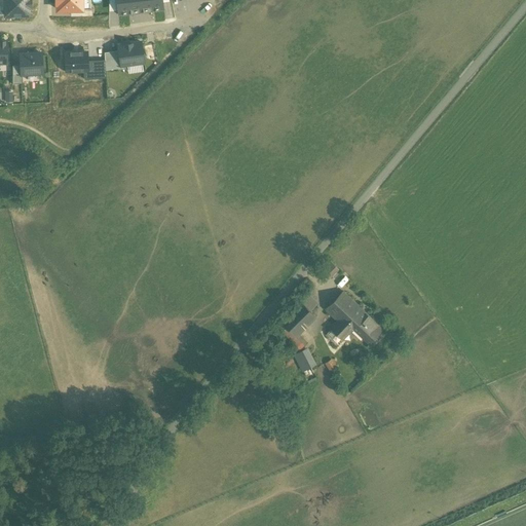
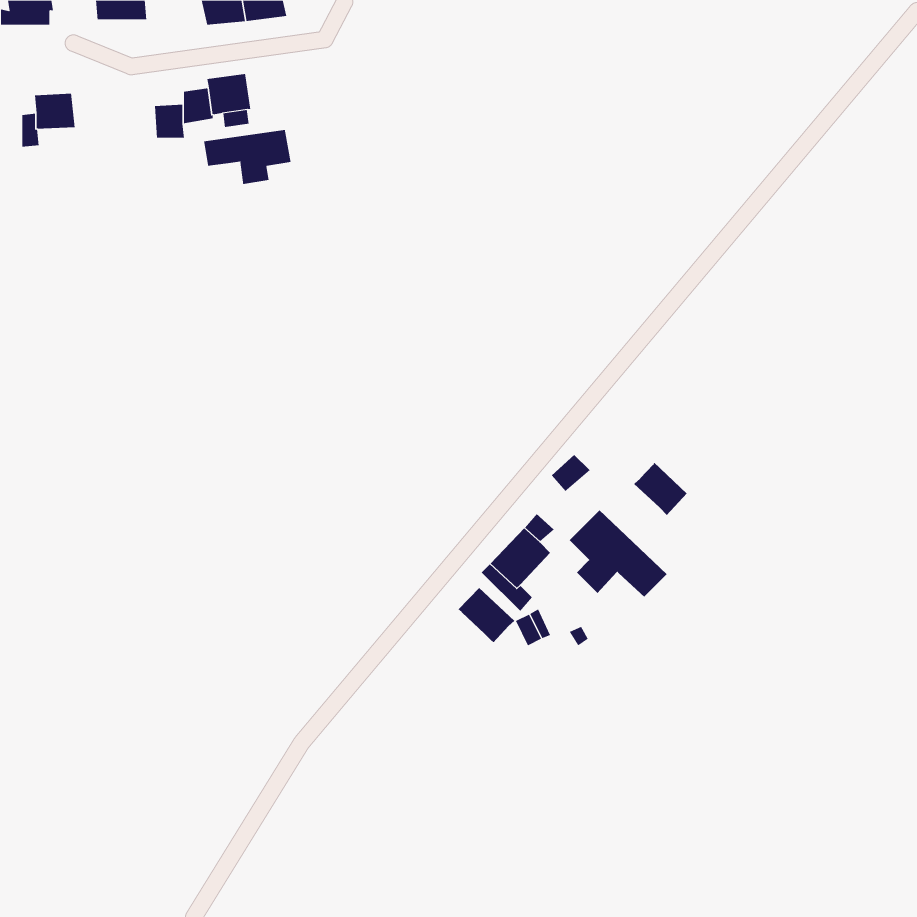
building: [64,50,89,80] -> none
building: none -> [203,129,291,185]
building: none -> [634,462,687,516]
building: none -> [458,587,515,643]

